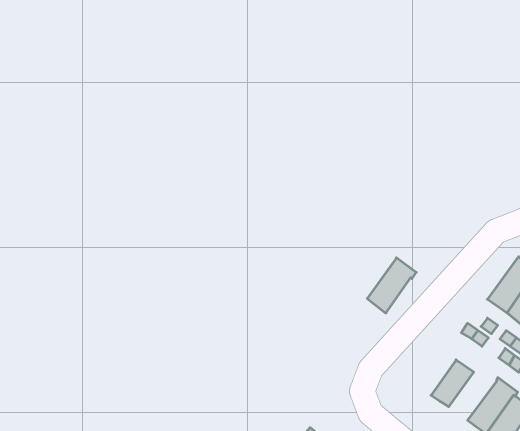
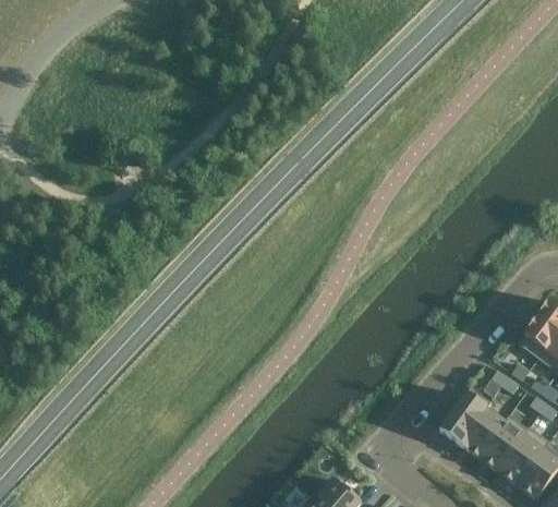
building: [367,258,416,313] -> [439,387,490,445]
building: none -> [477,414,527,471]

